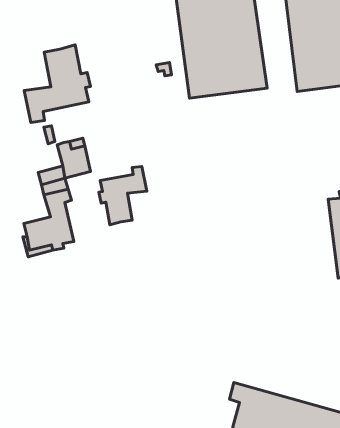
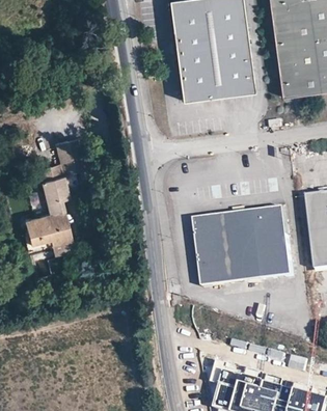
building: [24,45,91,122] -> none
building: [99,166,147,225] -> none
building: none -> [196,207,296,286]

